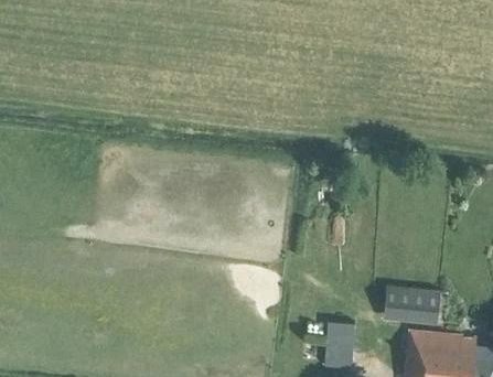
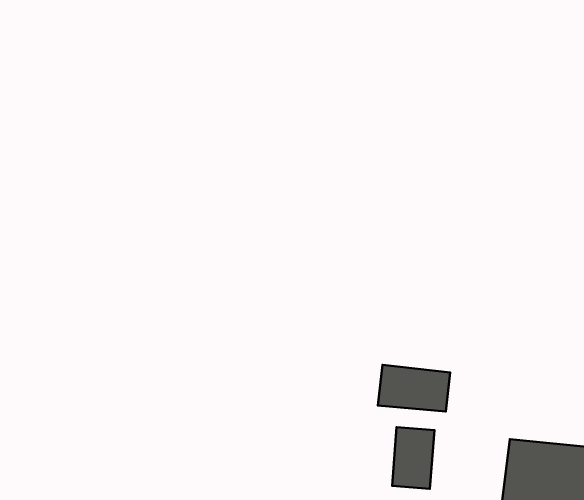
building: [384,286,437,320] -> [378,365,450,412]

